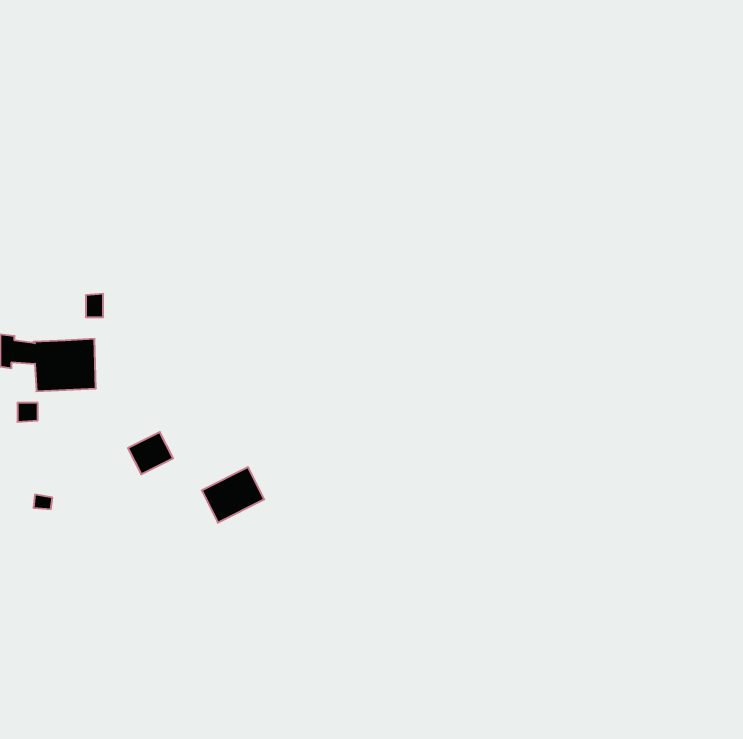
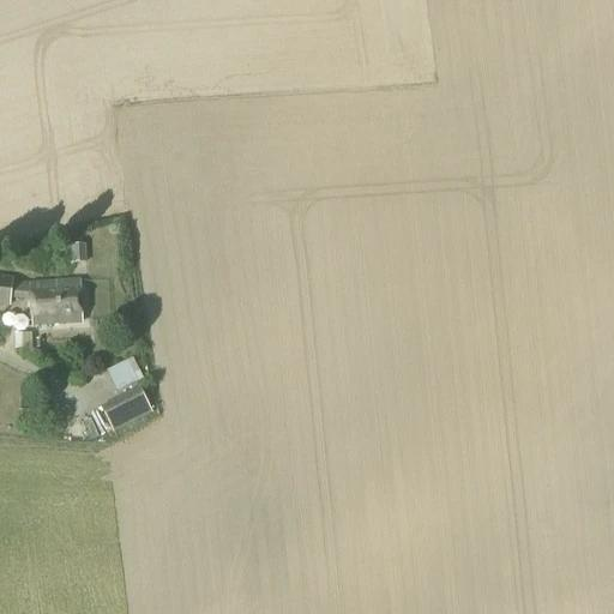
building: [202,467,264,523] -> [100,385,151,431]

